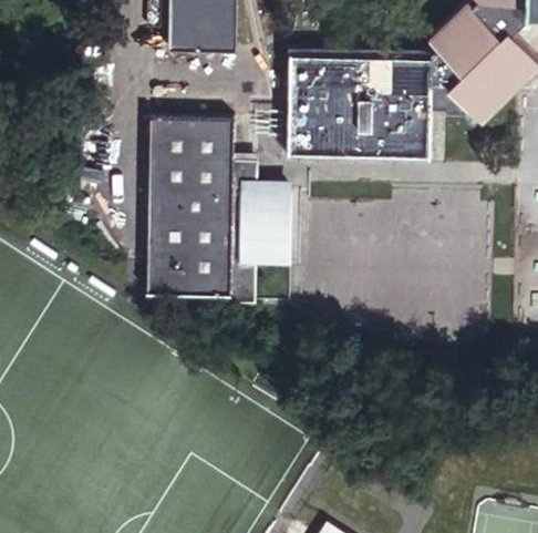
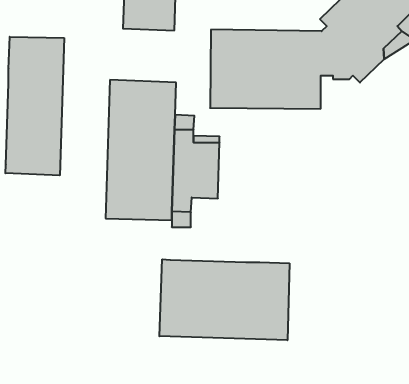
building: none -> [5,37,64,175]
building: none -> [159,259,289,340]

